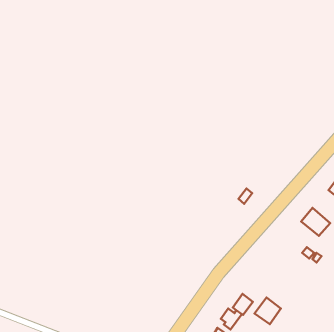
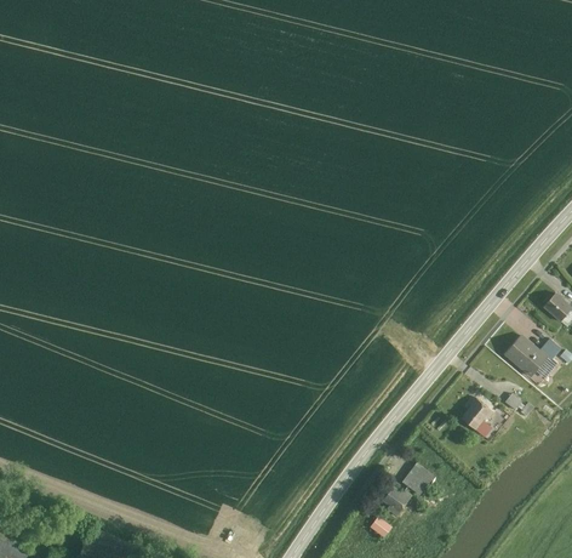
building: none -> [461,395,493,428]
building: [255,298,281,324] -> none

